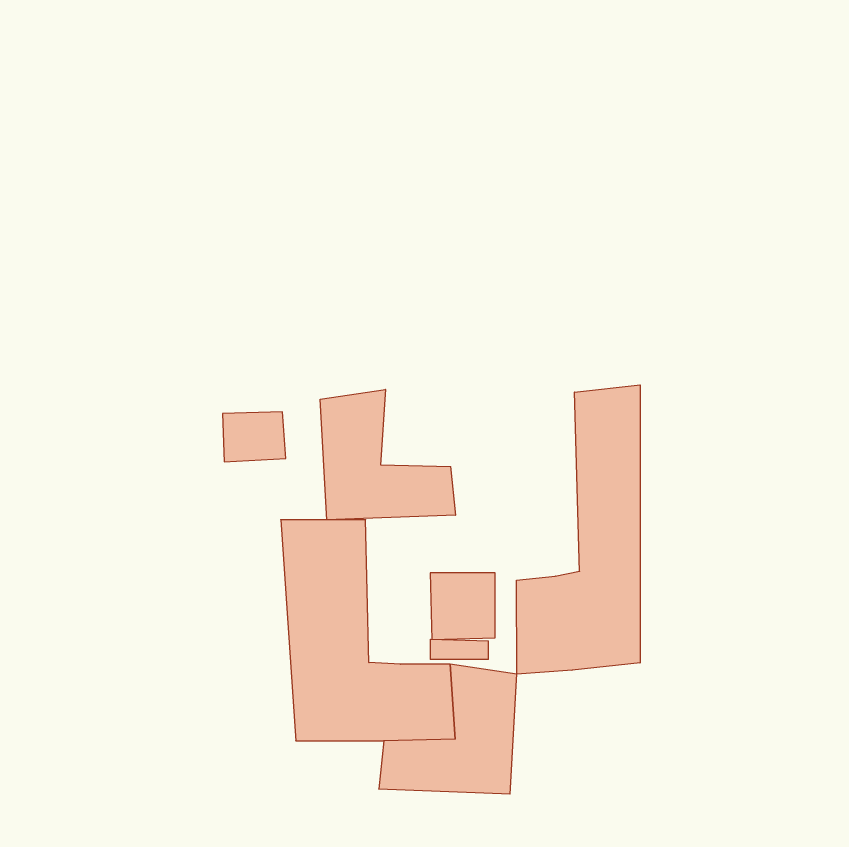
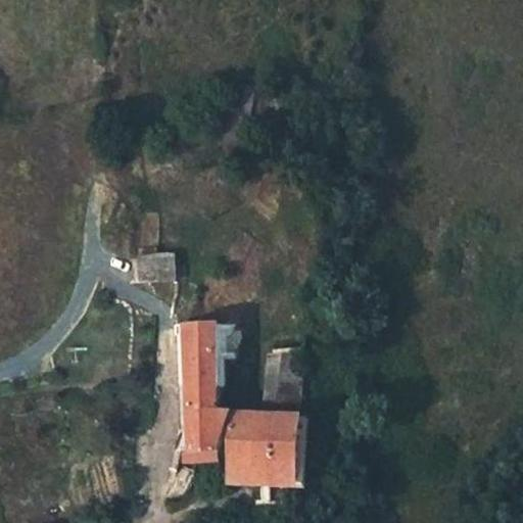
building: [517,385,640,674] -> none
building: [320,389,455,520] -> none

